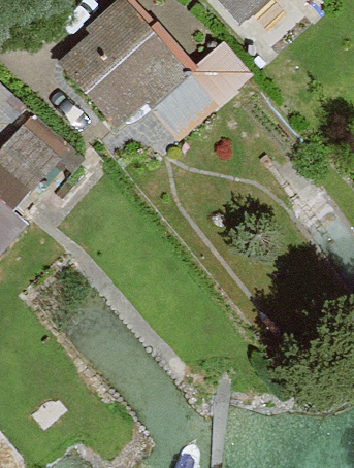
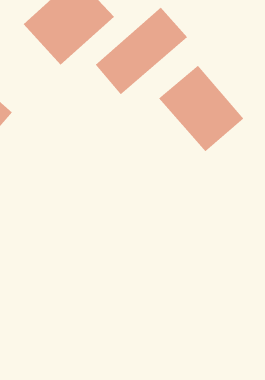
building: none -> [158,65,244,152]

